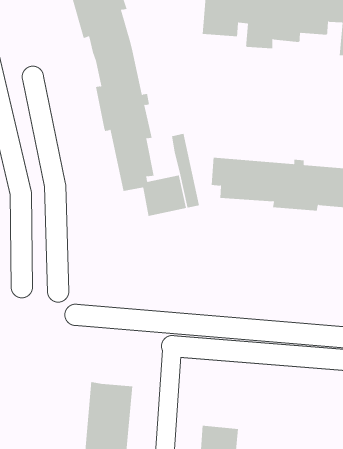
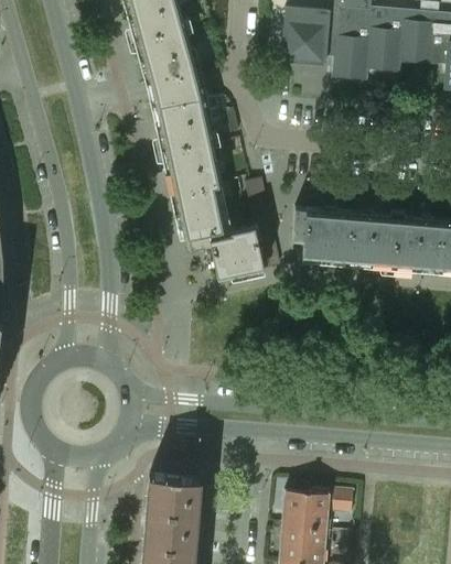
building: none -> [280,489,352,532]

